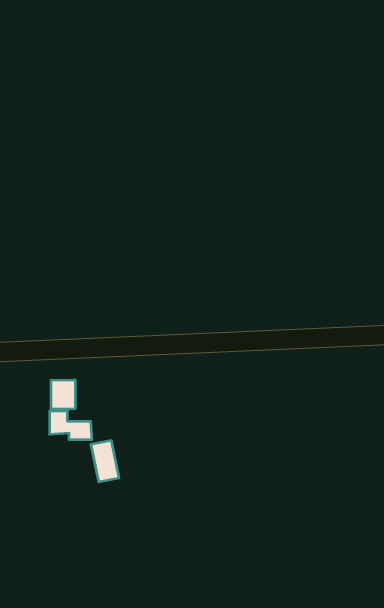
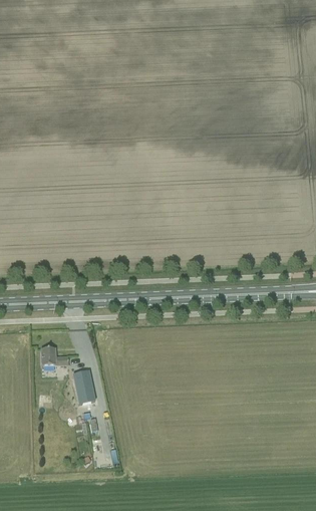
building: [51,380,75,409] -> none

